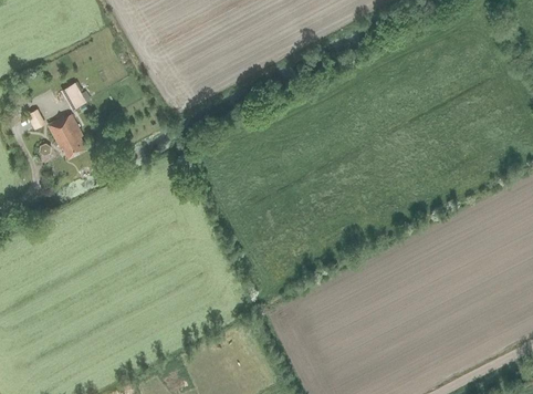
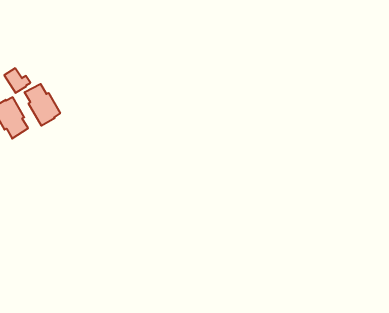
building: none -> [25,84,60,126]

